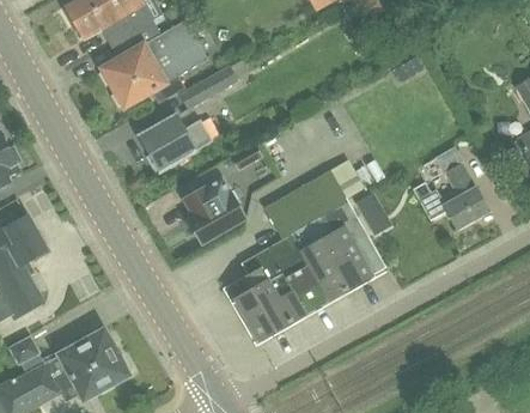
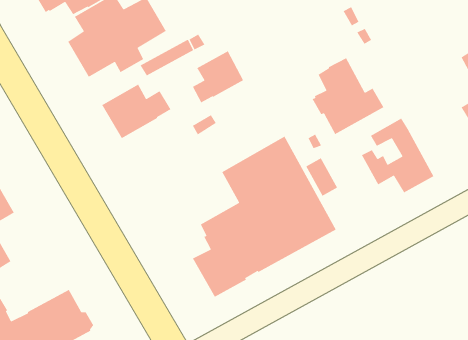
building: none -> [192,50,244,103]
building: none -> [312,57,384,135]
building: [182,177,245,244] -> none

